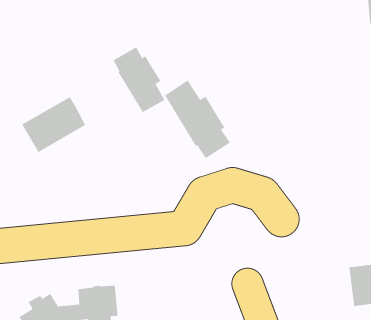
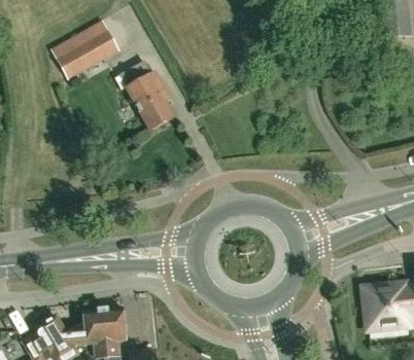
building: [164,80,231,159] -> none
building: [21,96,86,153] -> [50,21,117,79]

